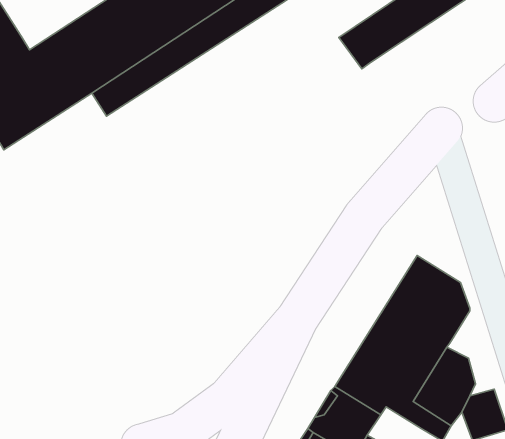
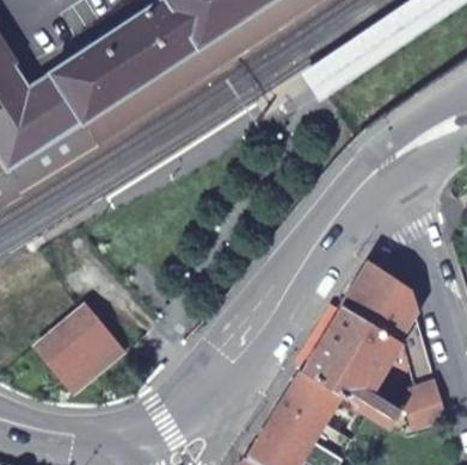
building: none -> [35,302,121,386]

